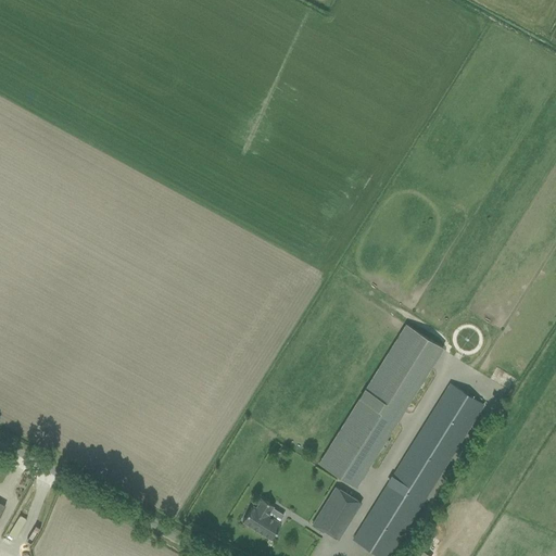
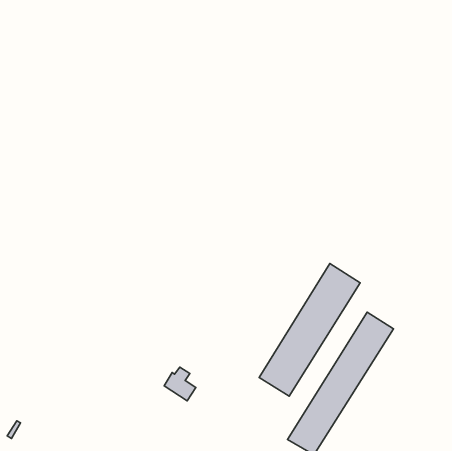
building: [320,488,361,541] -> none
building: [242,500,281,541] -> [164,367,196,401]

